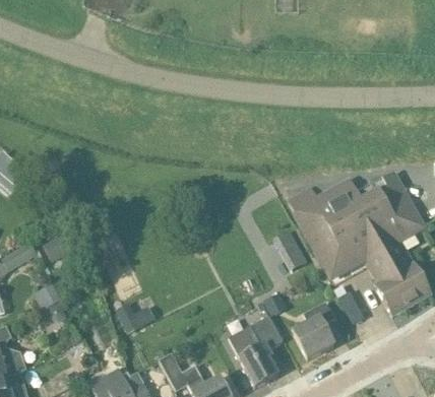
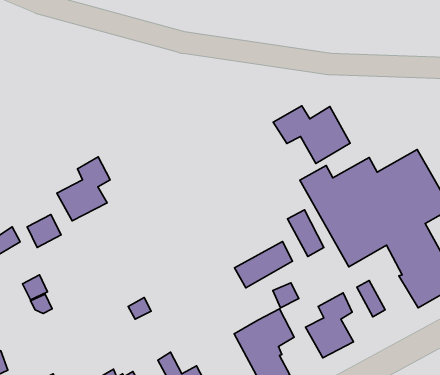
building: none -> [273,106,350,164]
building: none -> [57,157,110,221]
building: none -> [235,242,293,288]

